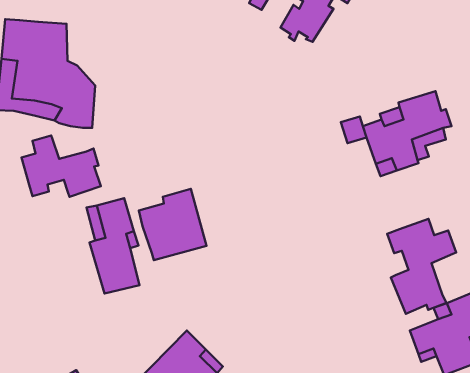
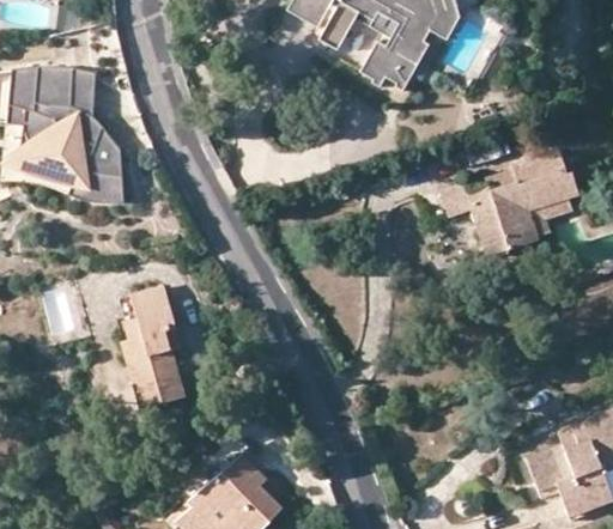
building: [22,135,101,197] -> none
building: [139,189,207,260] -> none
building: [387,219,456,314] -> none

